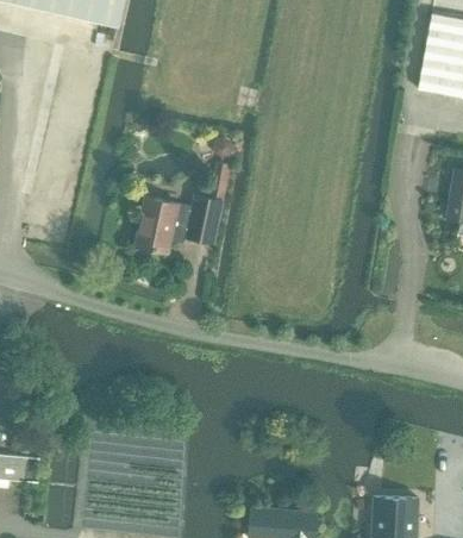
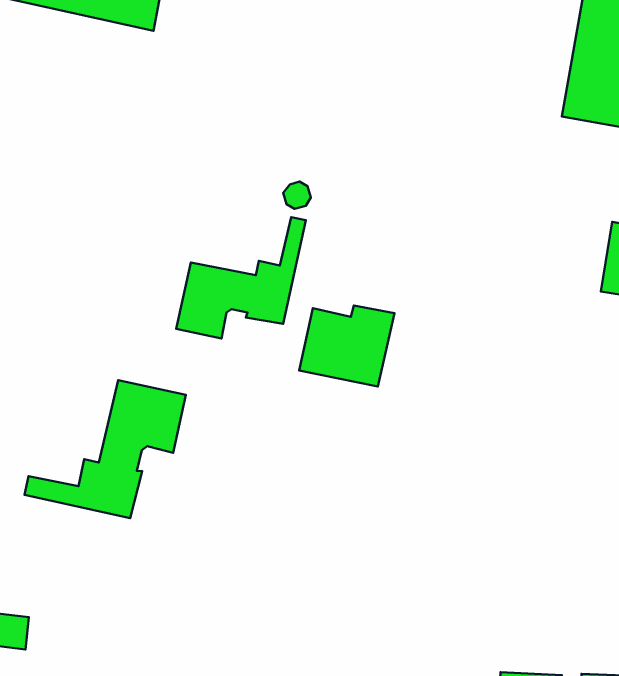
building: none -> [299,305,394,387]
building: none -> [25,380,186,518]

